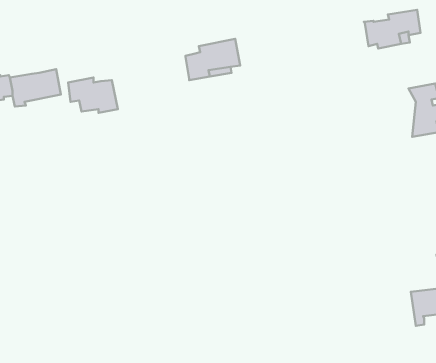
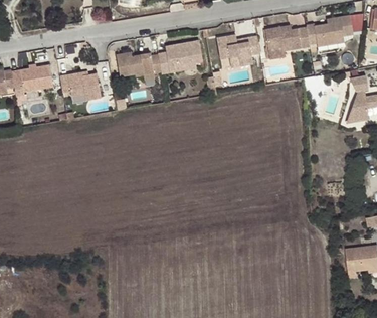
building: none -> [264,26,310,51]
building: none -> [216,34,259,65]
building: none -> [116,52,161,81]

